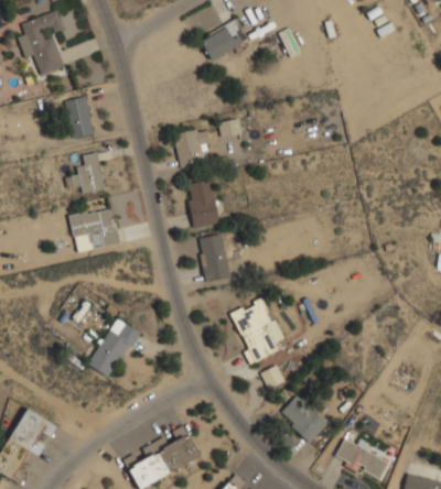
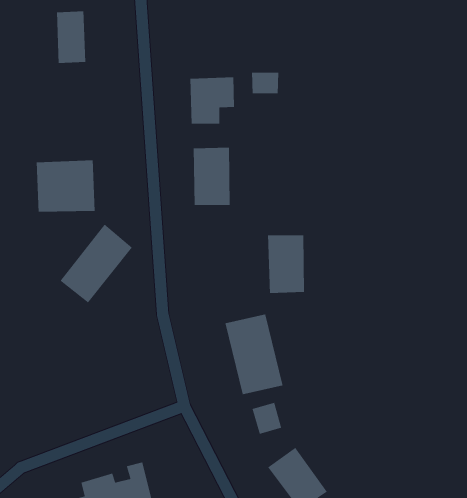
building: [71,152,105,194] -> none
building: [196,233,232,282] -> [267,235,305,294]
building: [88,317,139,379] -> [60,223,133,303]

